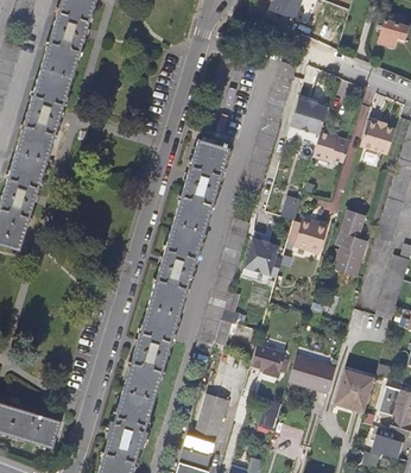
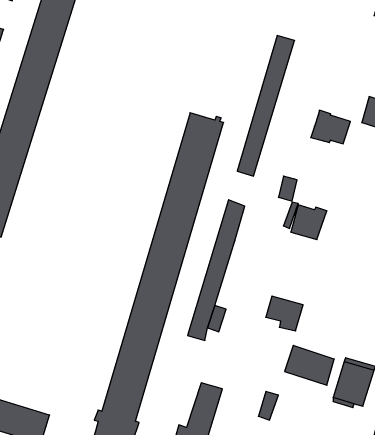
building: [289,100,327,135] -> none
building: [337,209,366,260] -> none
building: [245,238,278,273] -> none
building: [249,345,285,378] -> [266,296,303,331]

